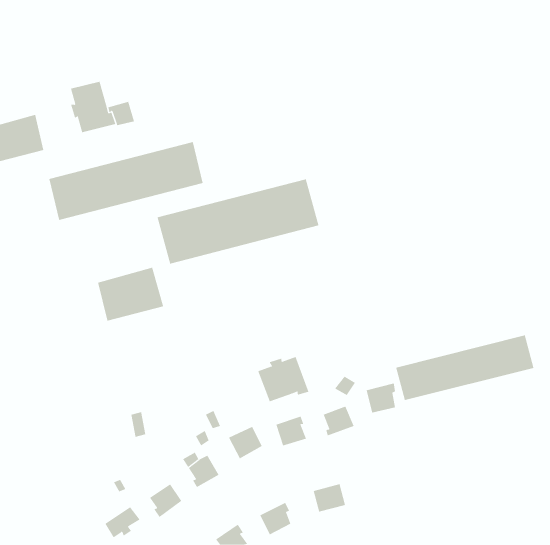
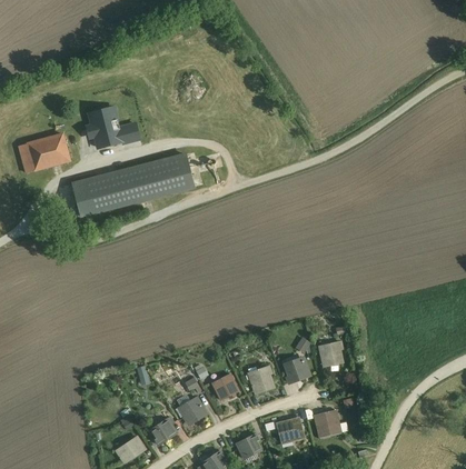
building: [157,178,319,264] -> none
building: [98,267,164,322] -> none
building: [395,335,534,401] -> none
building: [257,356,309,402] -> none
building: none -> [314,411,337,439]

